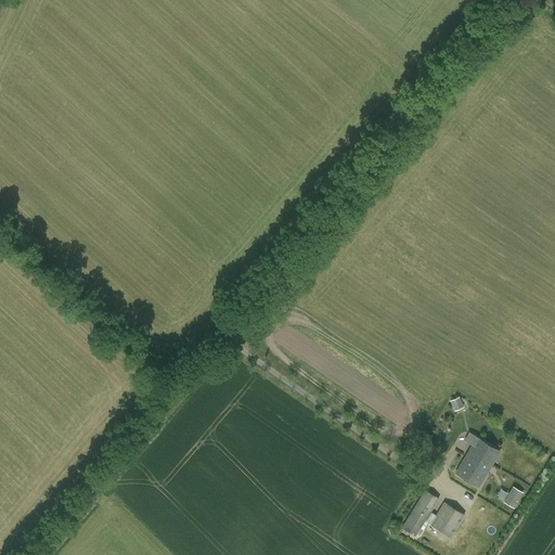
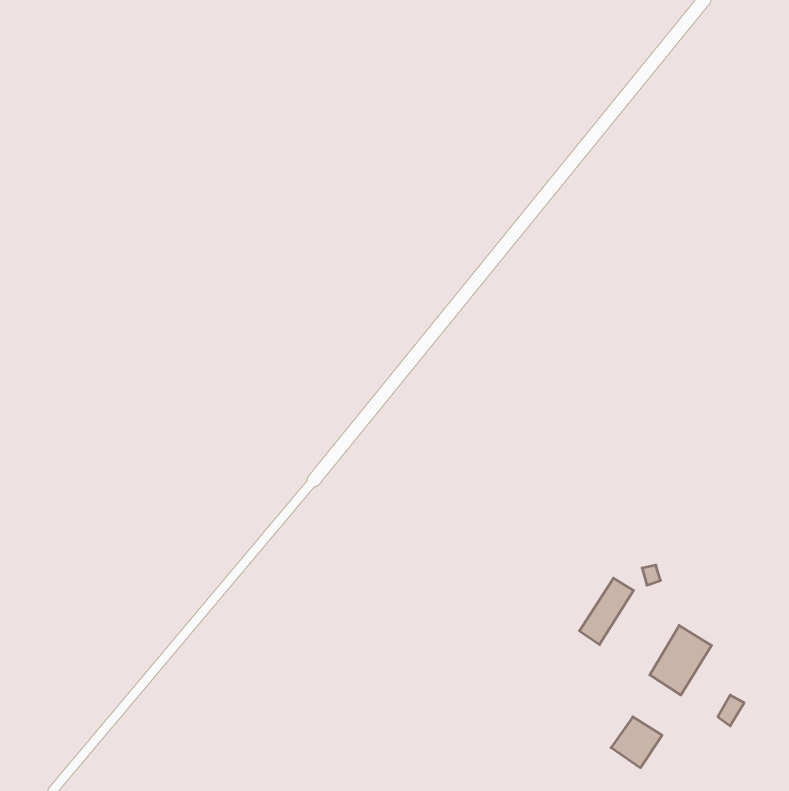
building: [400,490,438,537] -> [579,578,634,645]

